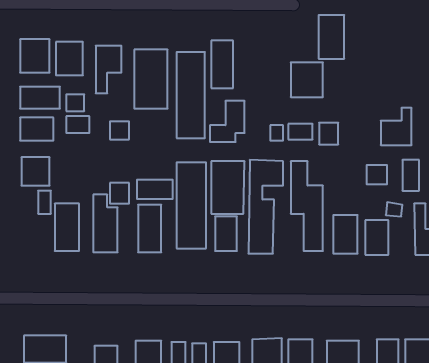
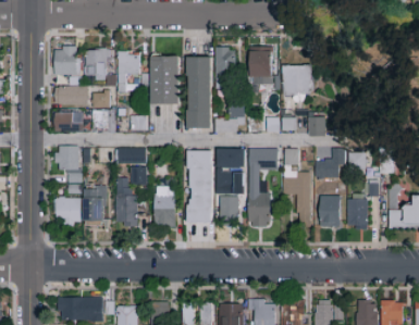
building: [319,15,344,59] -> [250,48,272,85]
building: [381,108,412,145] -> [316,149,342,180]
building: [137,180,173,199] -> [115,148,146,164]
building: none -> [56,198,79,226]

